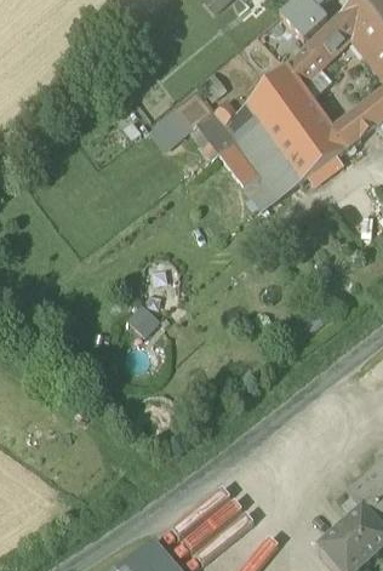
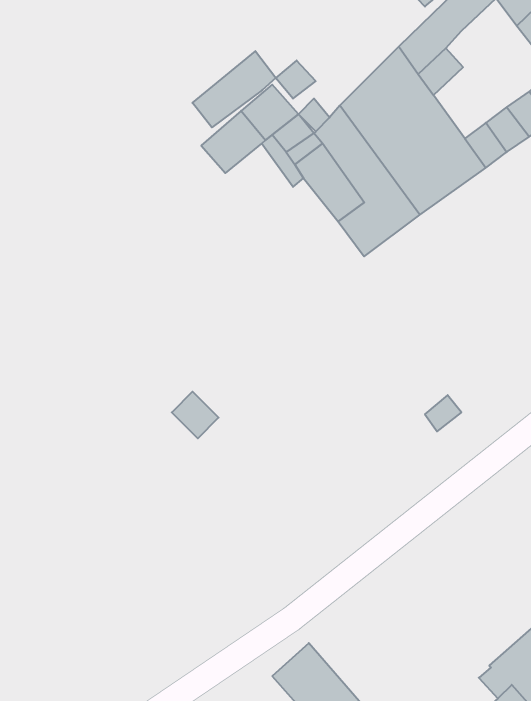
building: none -> [192,51,276,127]

